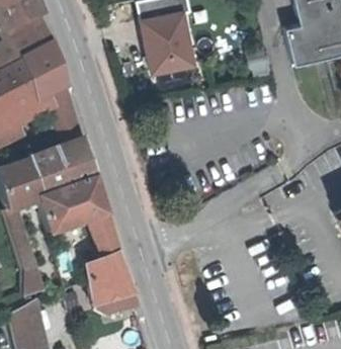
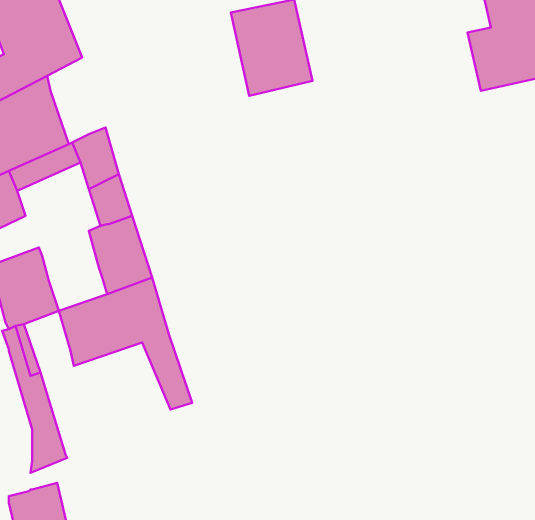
building: [32,43,68,96] -> none
building: [27,149,69,197] -> none
building: [88,253,139,315] -> none

